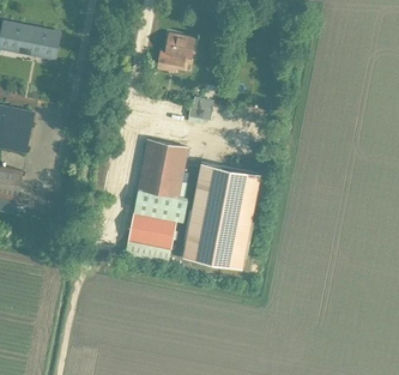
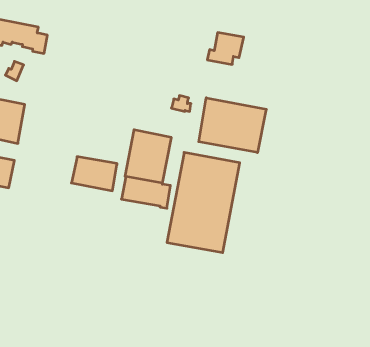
building: [157,35,195,68] -> [207,33,244,64]
building: none -> [199,98,266,153]
building: [127,213,175,249] -> [71,157,117,191]

